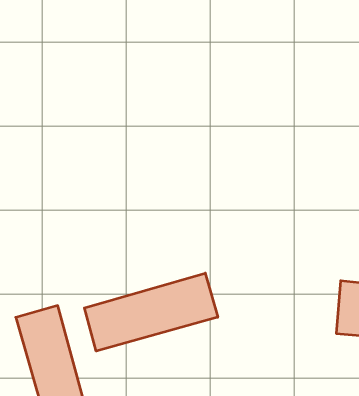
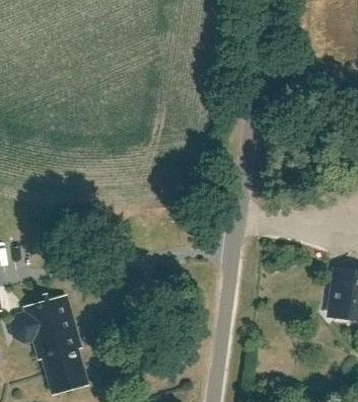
building: [84,273,218,351] -> none

